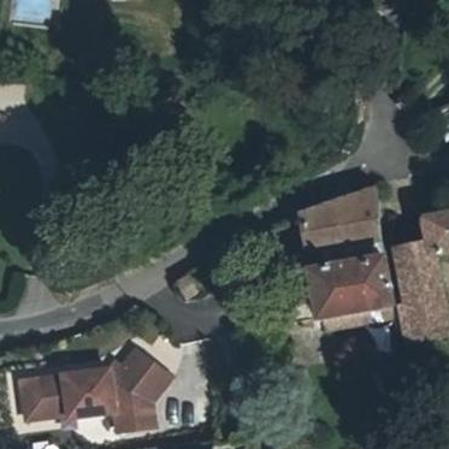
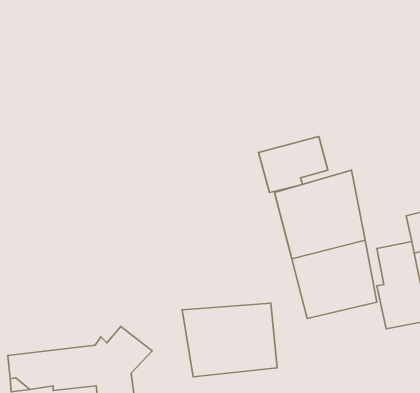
building: none -> [258,137,328,193]
building: none -> [182,303,277,377]

